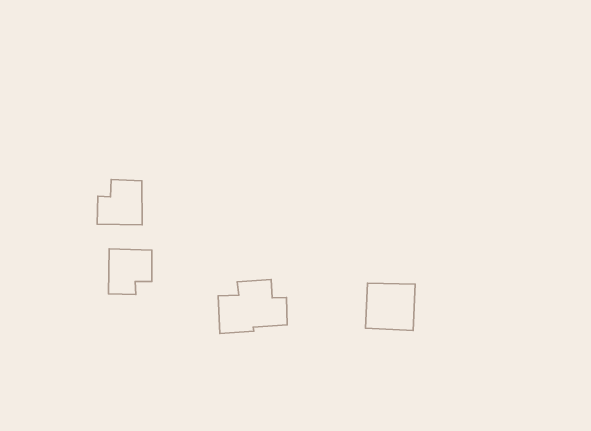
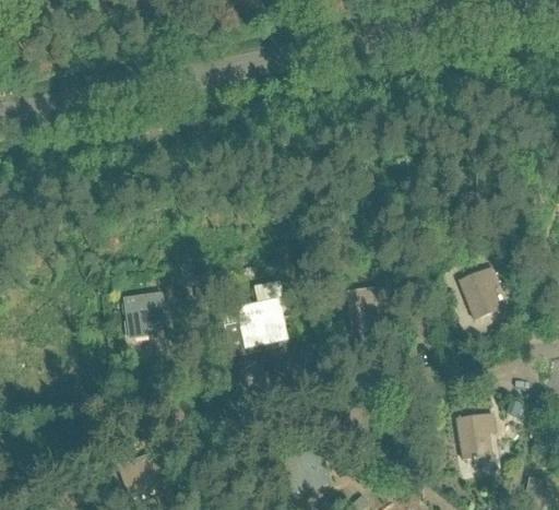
building: [97,180,142,225] -> none
building: none -> [457,265,500,318]

